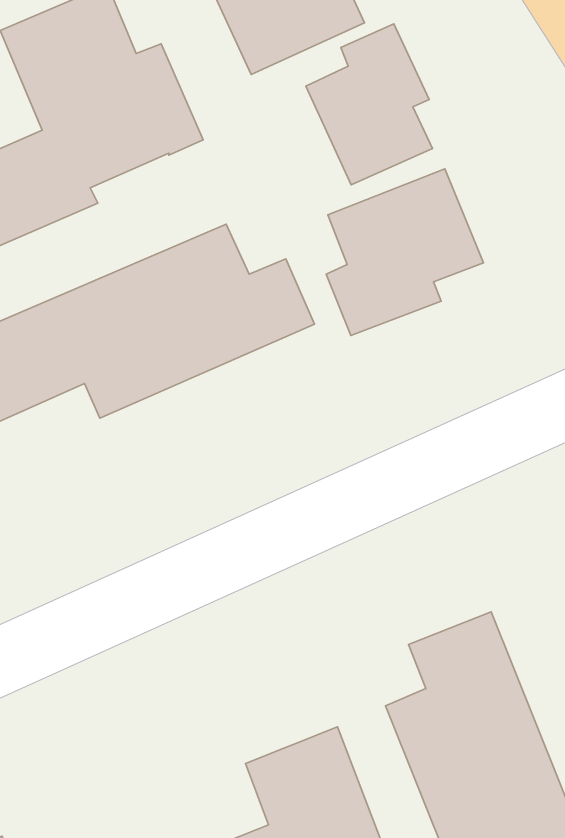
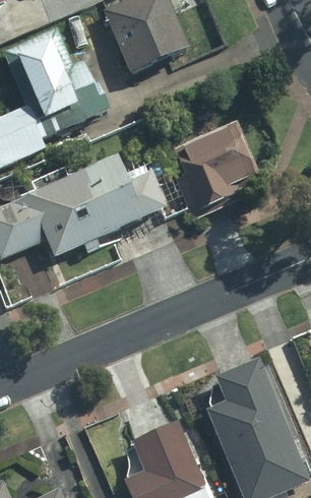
building: [306,24,432,185] -> none

